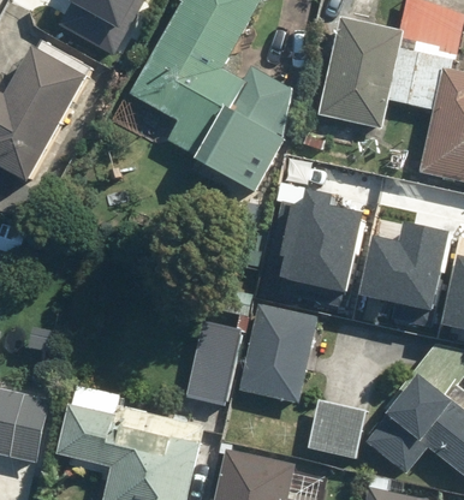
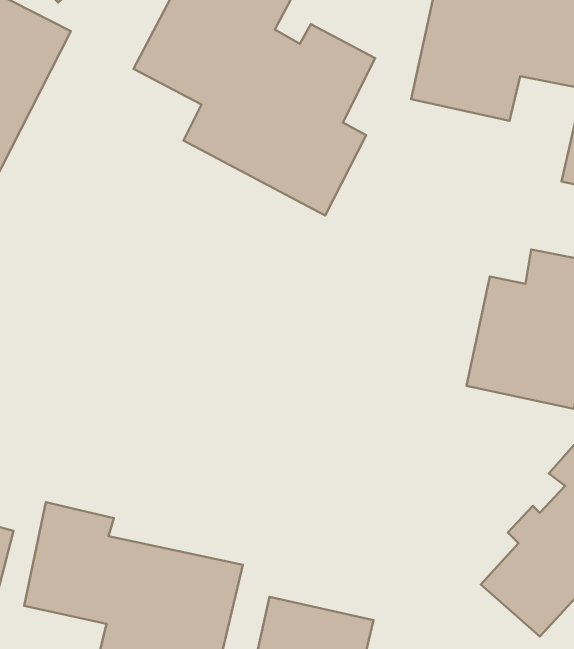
building: [257,186,361,300] -> none
building: [237,300,321,404] -> none
building: [183,306,244,406] -> none
building: [307,400,365,458] -> none

